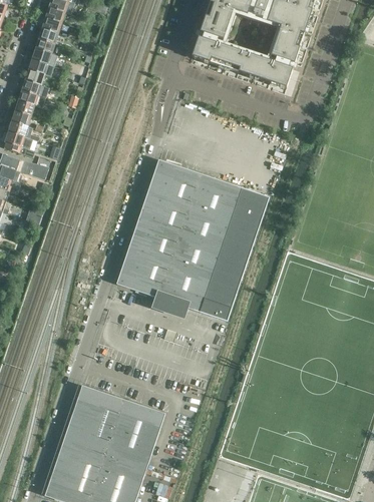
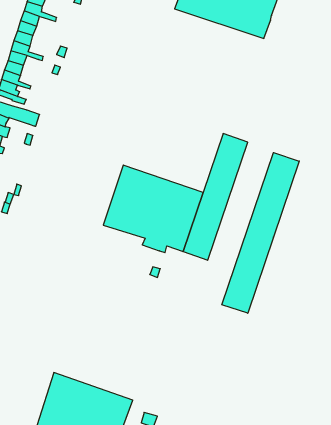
building: [137,160,243,250] -> none
building: none -> [222,153,299,313]
building: [64,385,166,469] -> none

